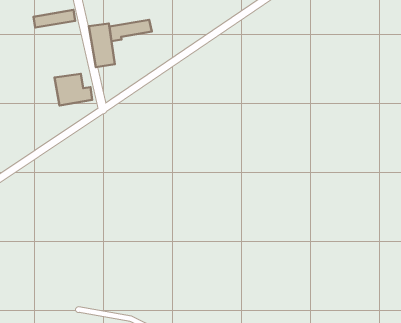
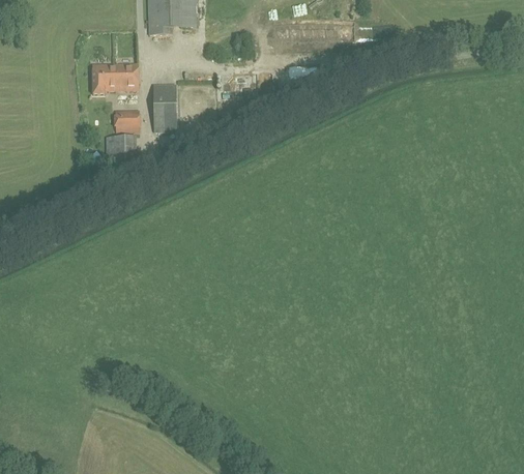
building: [109,20,152,41] -> [92,76,139,93]
building: none -> [115,110,139,131]

